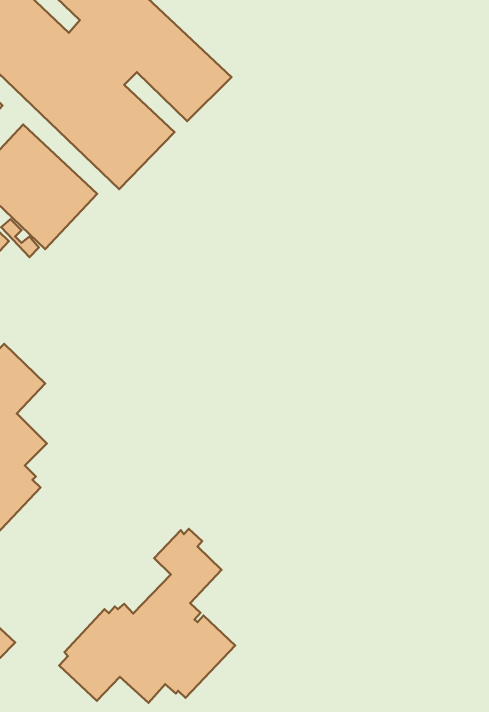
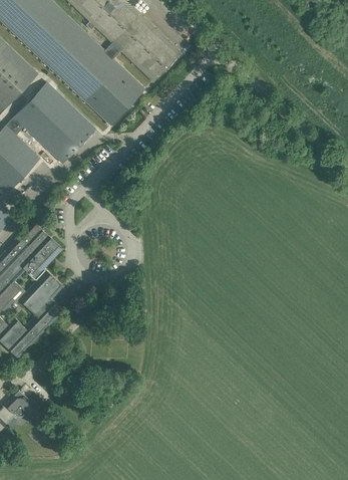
building: [59,529,235,703] -> none

